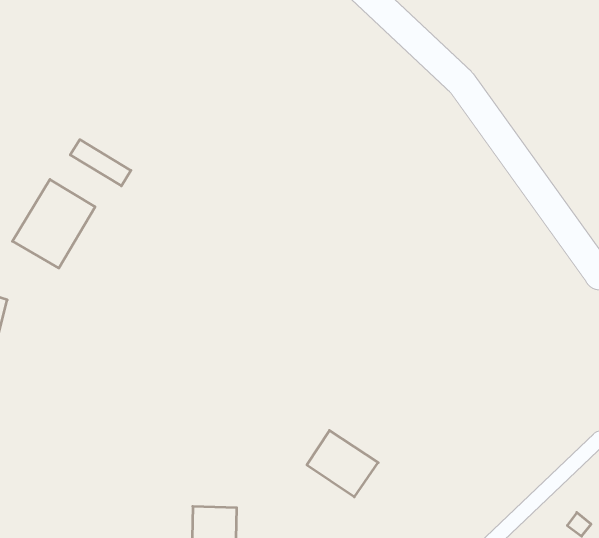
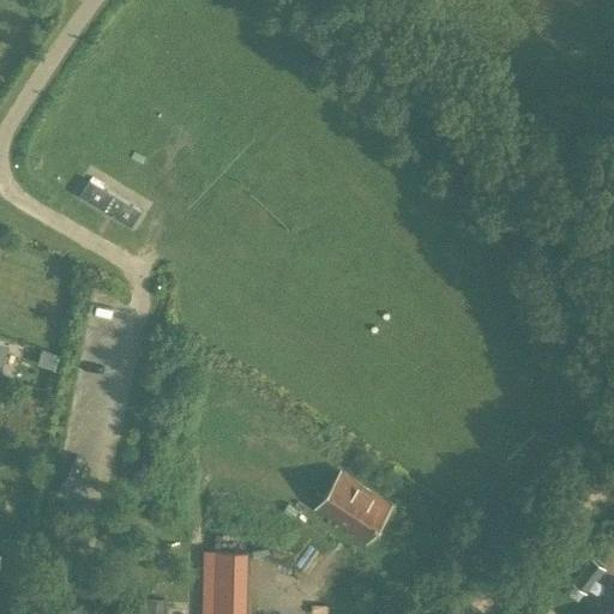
building: [12,179,95,268] -> none

